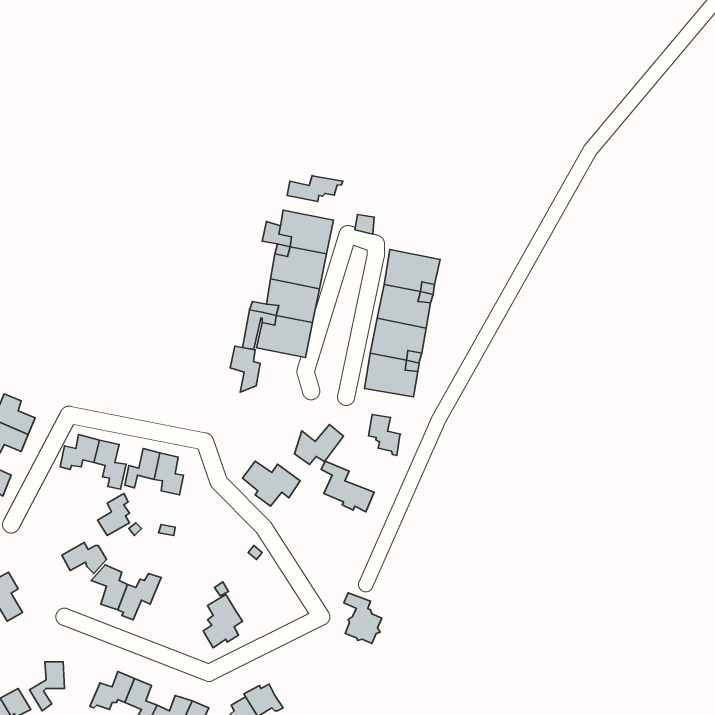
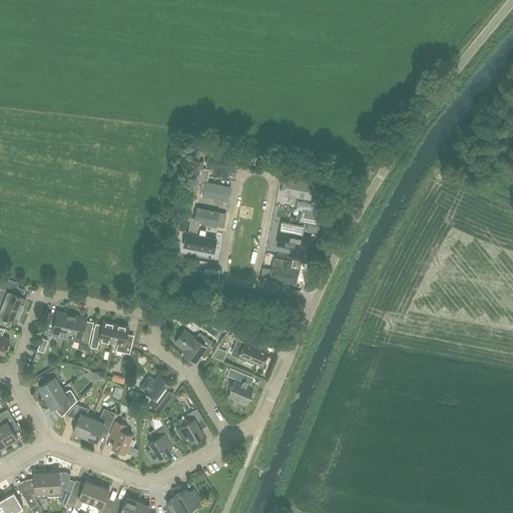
building: [287,175,343,201] -> none
building: [230,346,260,392] -> none
building: [368,414,401,456] -> none
building: [294,424,344,465] -> none
building: [97,493,130,536] -> [37,368,60,398]
building: none -> [139,377,173,412]
building: none -> [175,409,202,443]
building: none -> [108,422,130,454]
building: [344,593,382,643] -> [225,369,252,405]
building: none -> [45,472,71,508]

